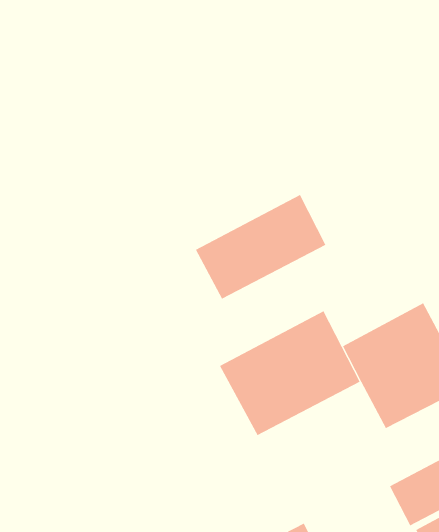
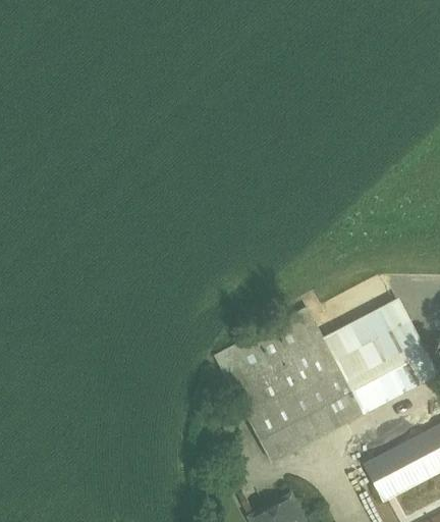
building: [195,194,326,300] -> none
building: none -> [250,372,364,463]

